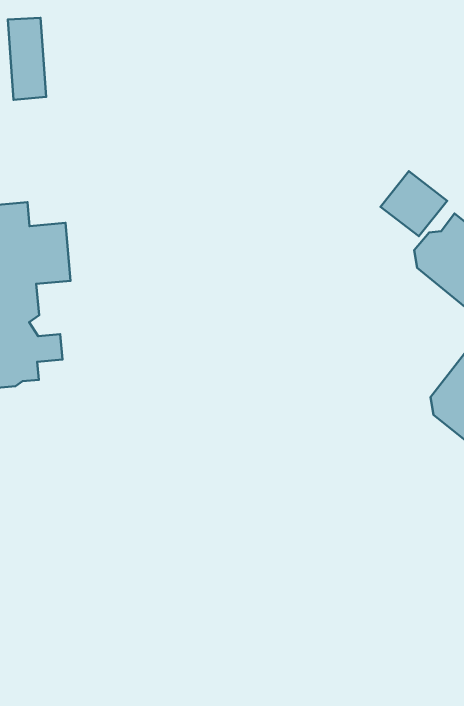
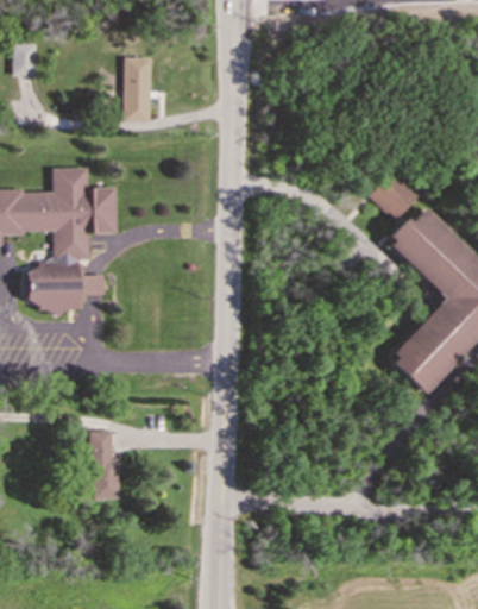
building: [8,18,46,100] -> [124,57,151,121]
building: none -> [92,431,120,500]

